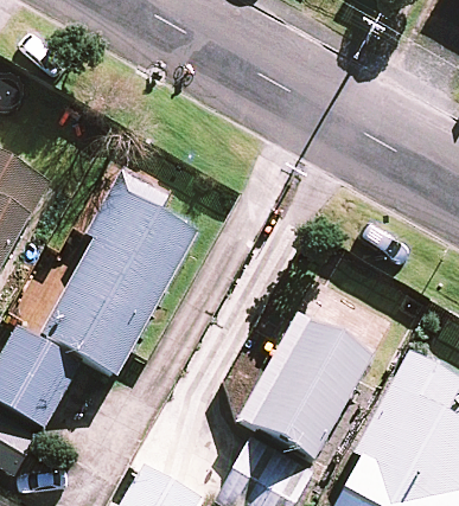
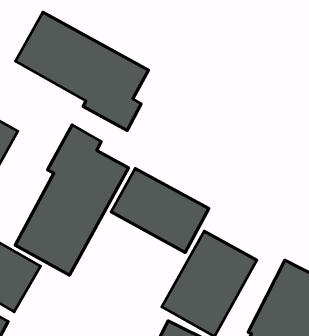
building: none -> [16,12,149,131]
building: none -> [111,168,209,252]

